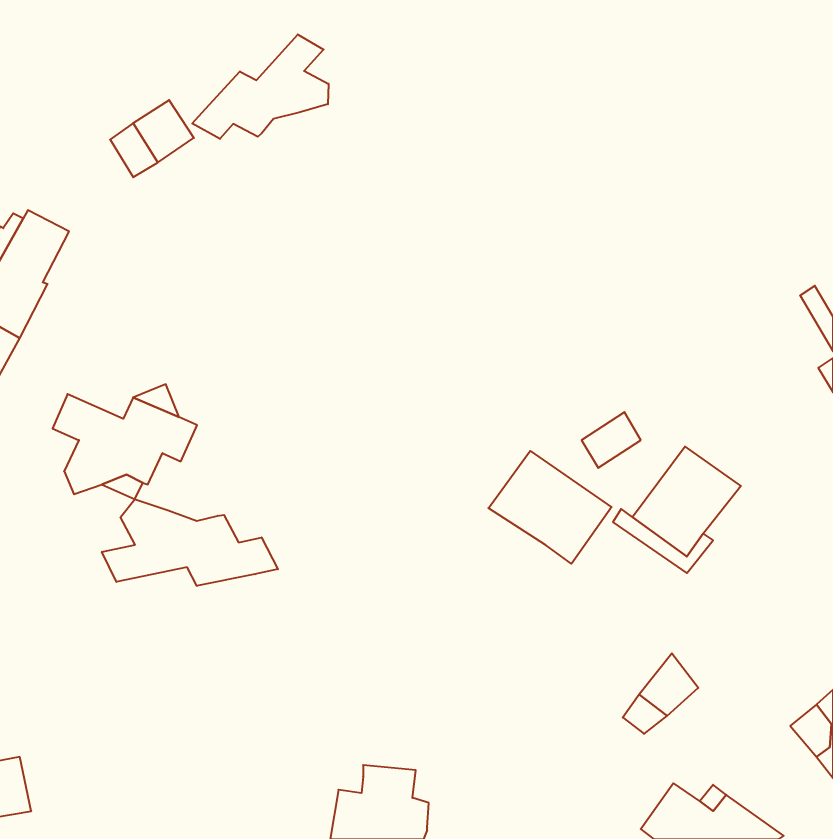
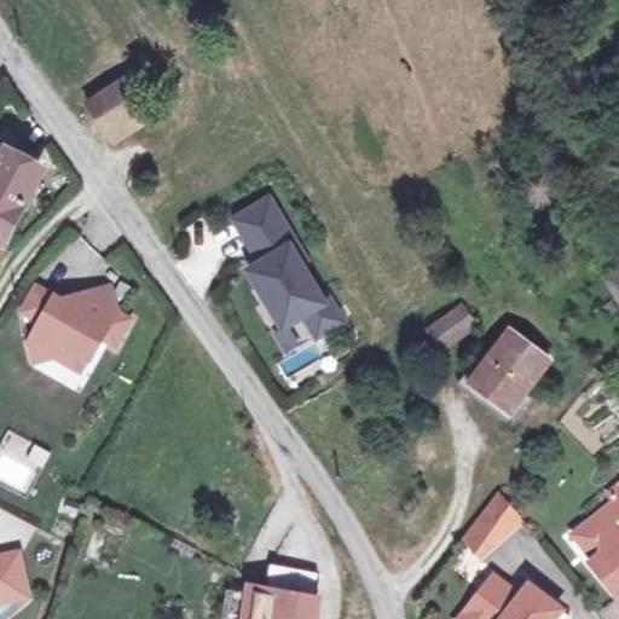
building: [192,34,329,139] -> none
building: none -> [231,199,336,336]
building: [488,451,612,564] -> none
building: [102,499,278,586] -> none

